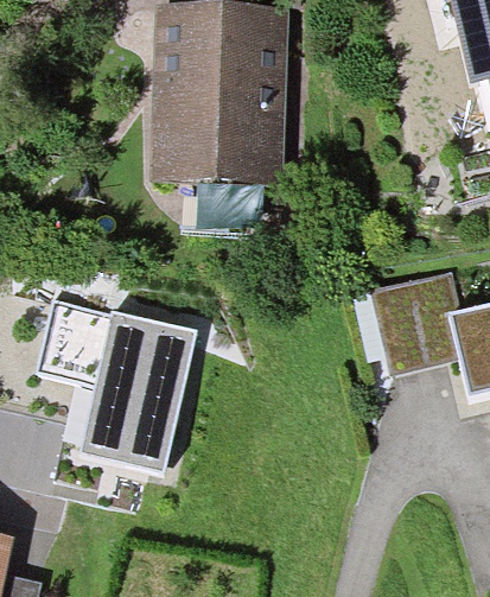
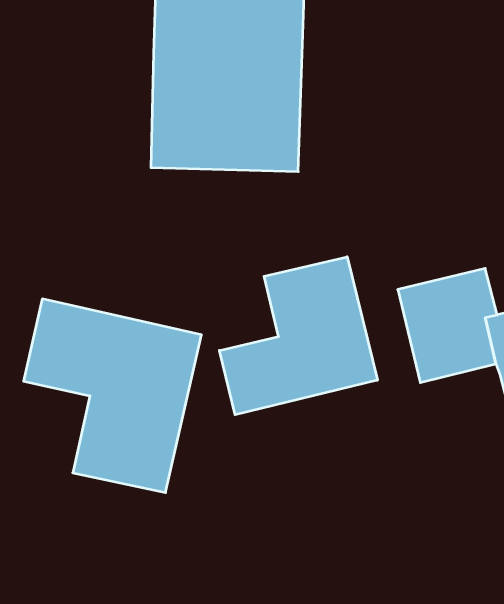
building: none -> [219,257,377,415]

